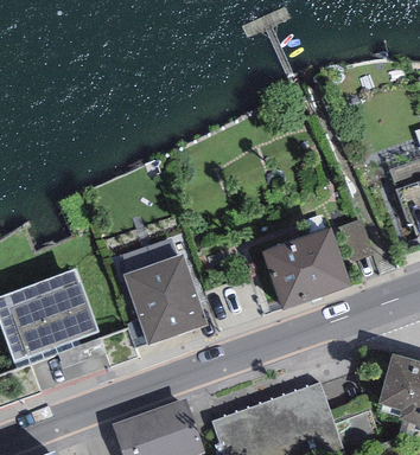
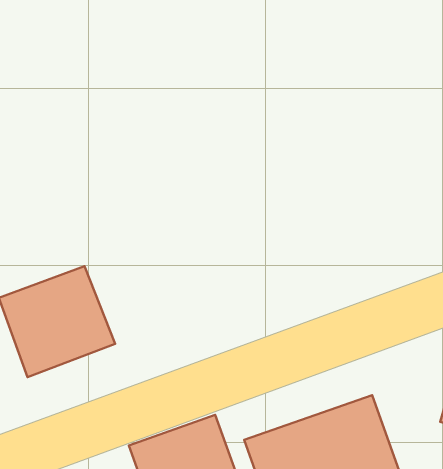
building: [268,235,346,305] -> none
building: [121,254,197,347] -> none

